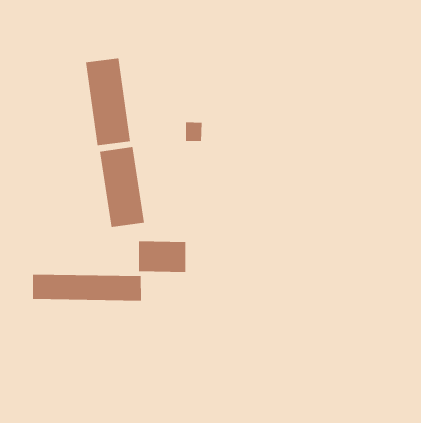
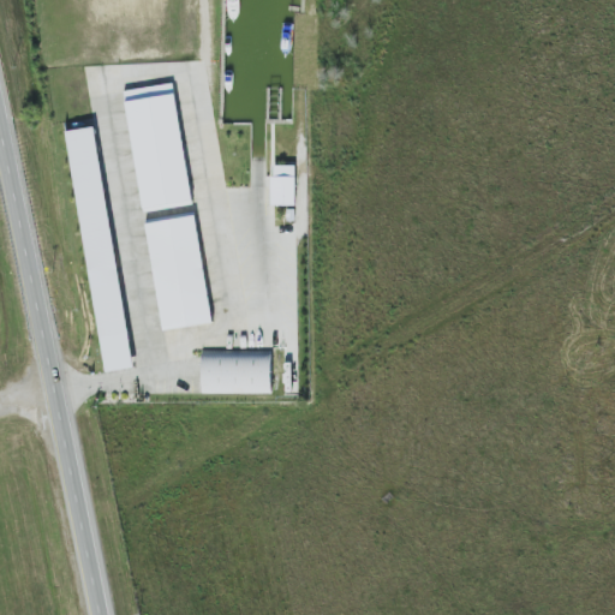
building: none -> [68,127,129,372]
building: [32,274,142,301] -> none

